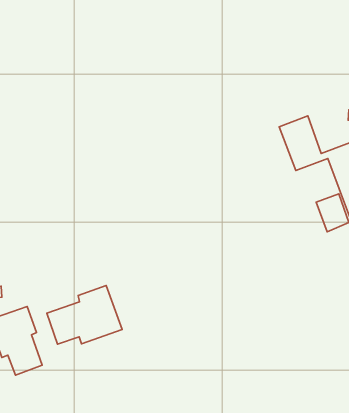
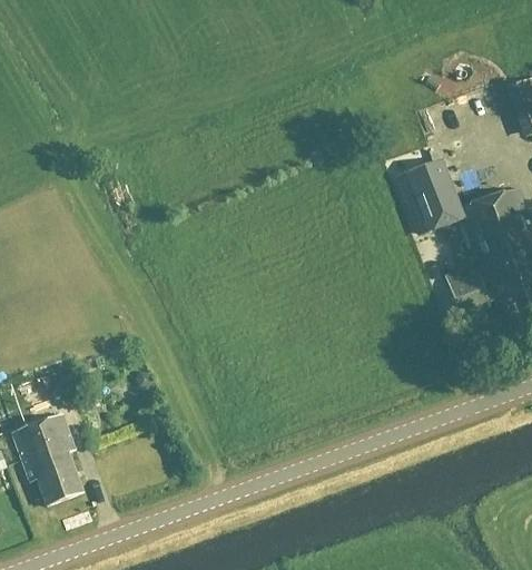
building: [47,286,122,344] -> none

